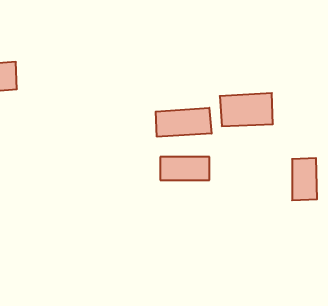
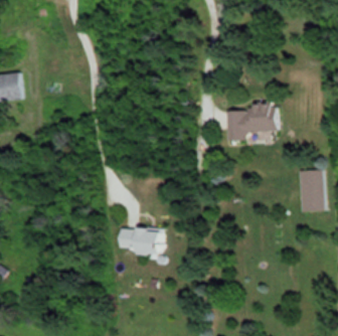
building: [156,108,212,137] -> none
building: [160,157,209,180] -> [120,229,169,253]

